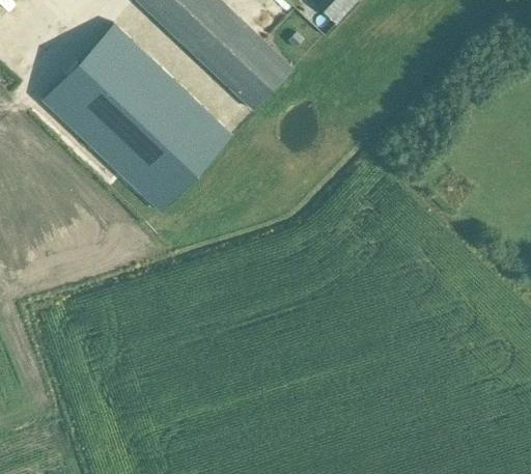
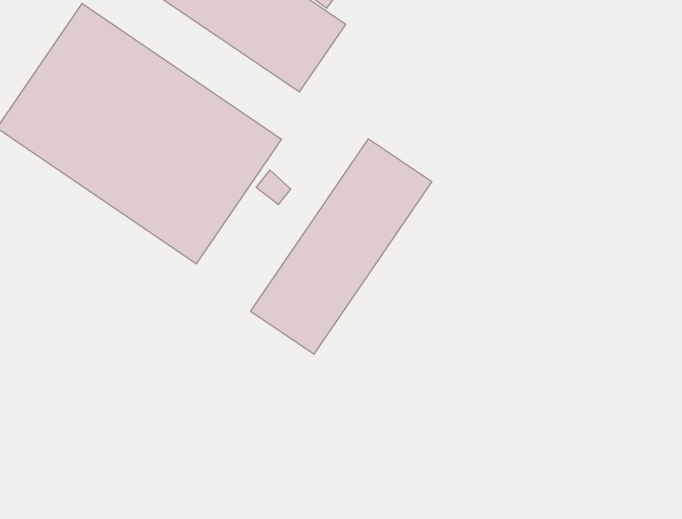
building: none -> [251,139,432,354]

